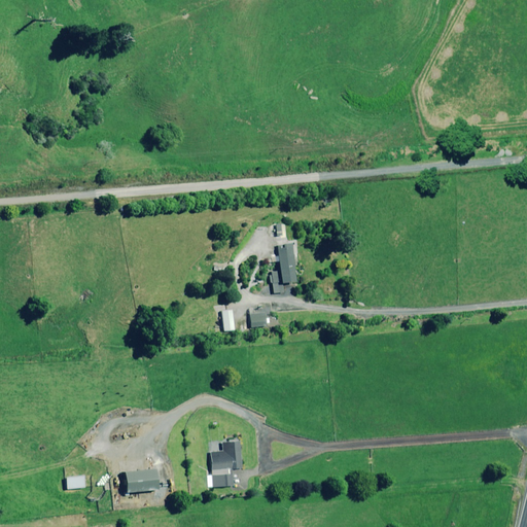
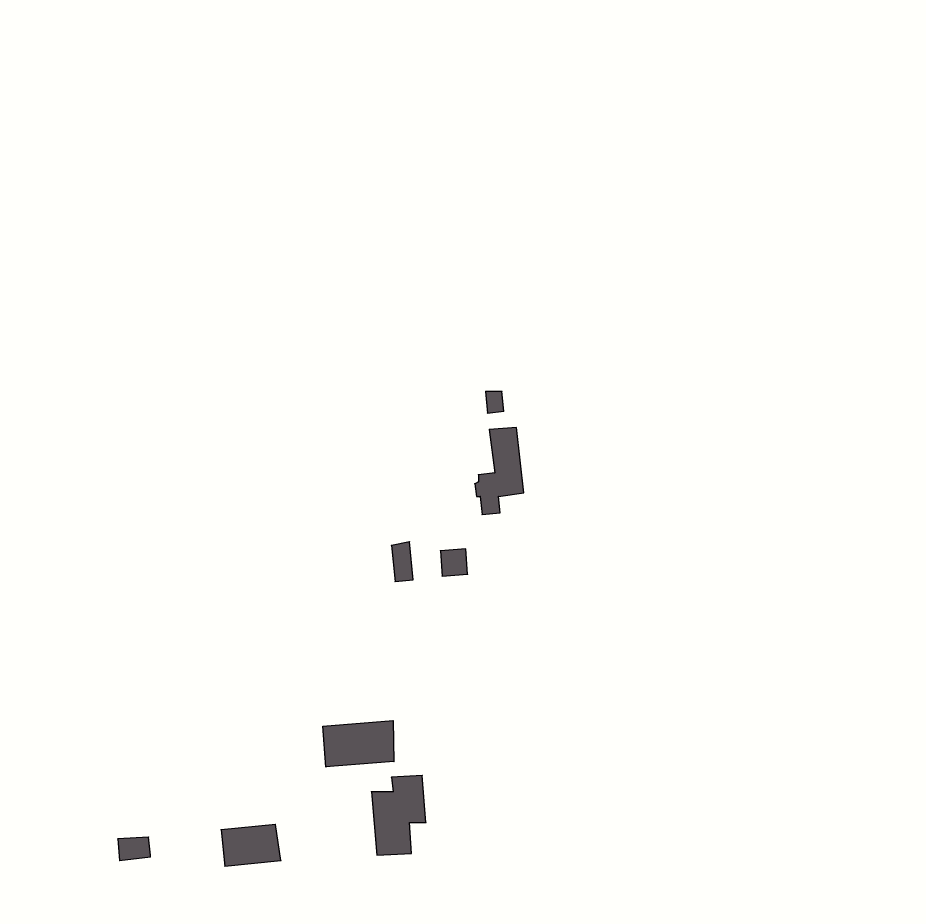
building: none -> [323,721,394,767]

